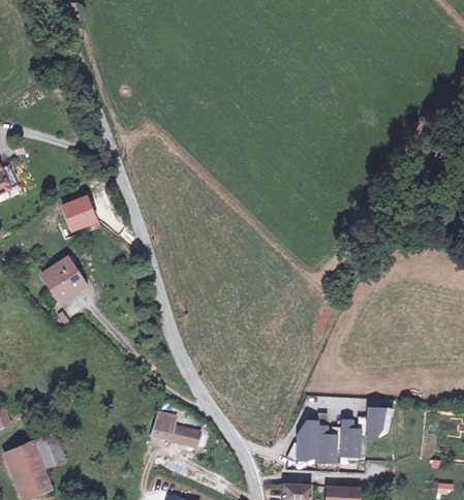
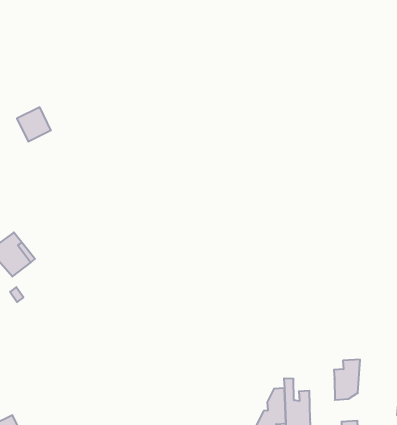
building: [61,196,93,228] -> [17,107,51,141]
building: [338,417,364,457] -> none
building: [159,423,199,446] -> none

